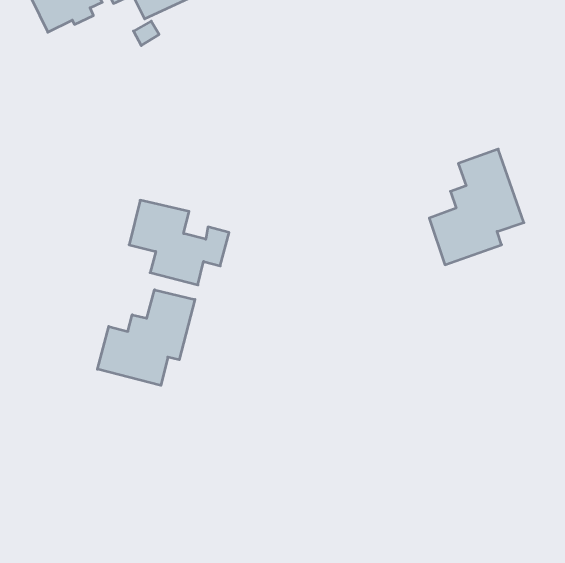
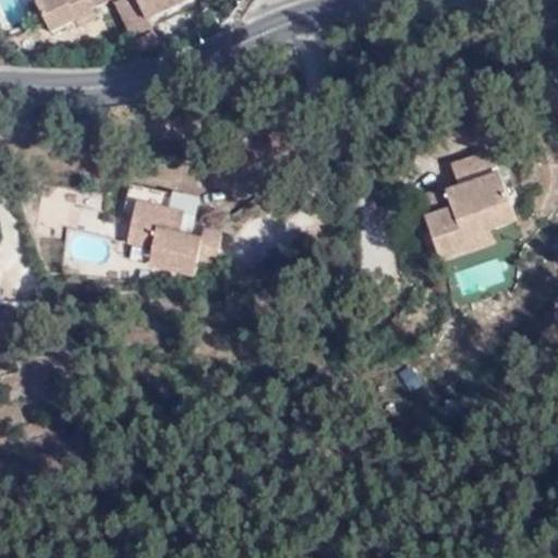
building: [97,290,195,385] -> none

